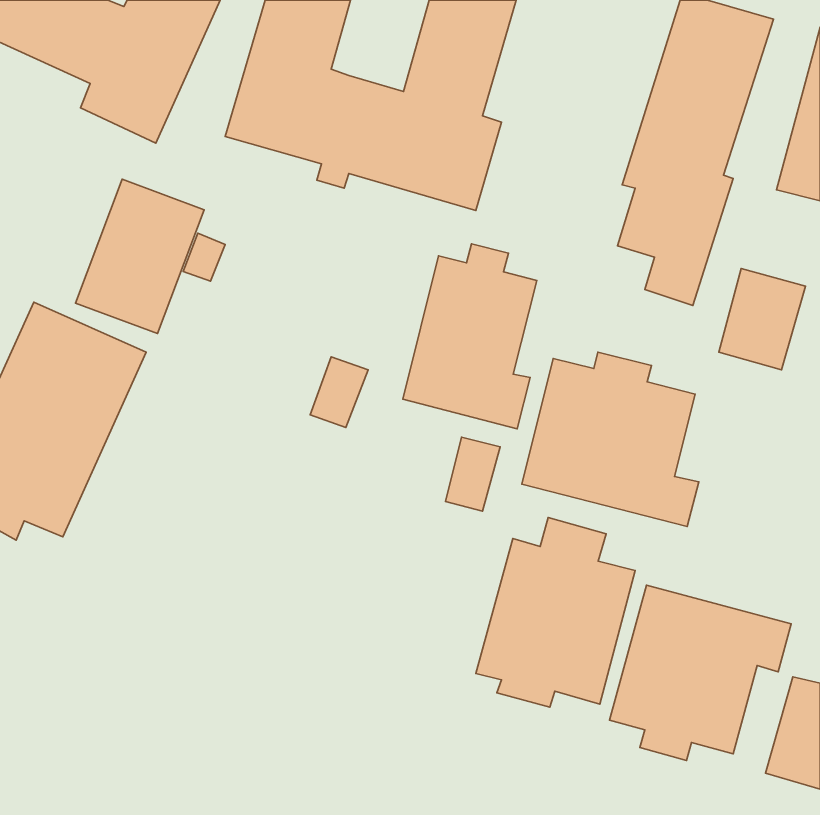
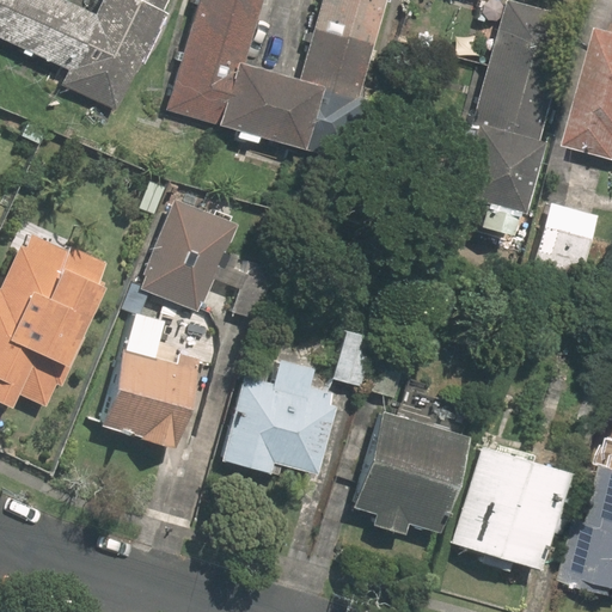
building: [75,179,204,334] -> [140,196,235,311]
building: [403,244,537,429] -> none
building: [522,352,699,527] -> none
building: none -> [100,310,213,481]
building: none -> [220,355,336,472]

